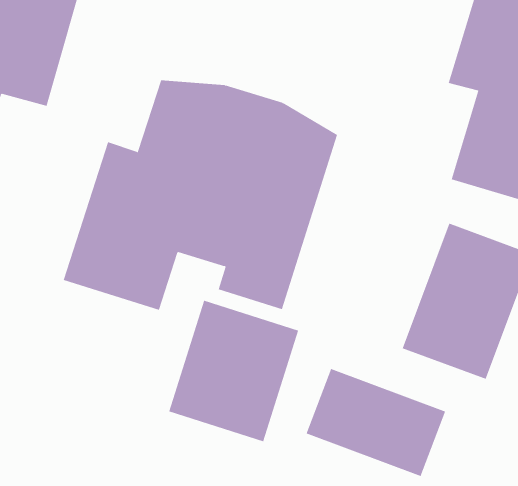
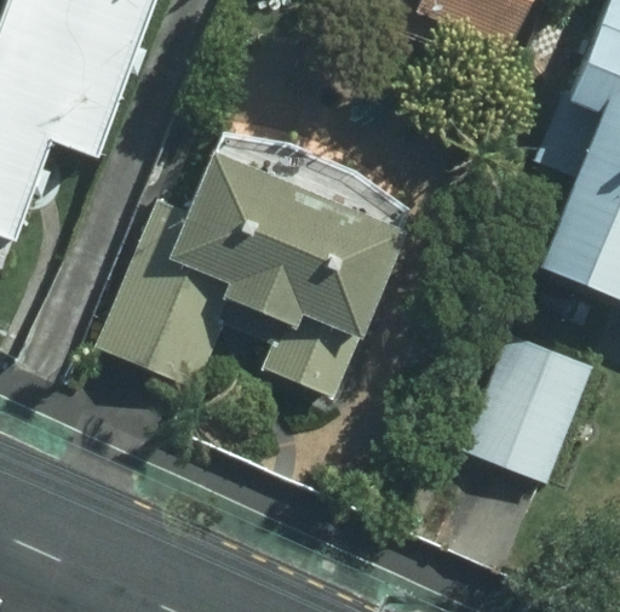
building: [168,300,299,442] -> none
building: [306,368,446,477] -> none

